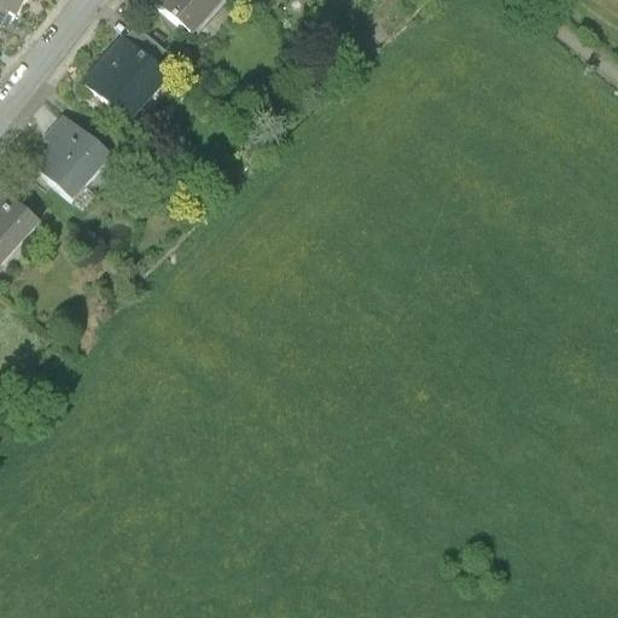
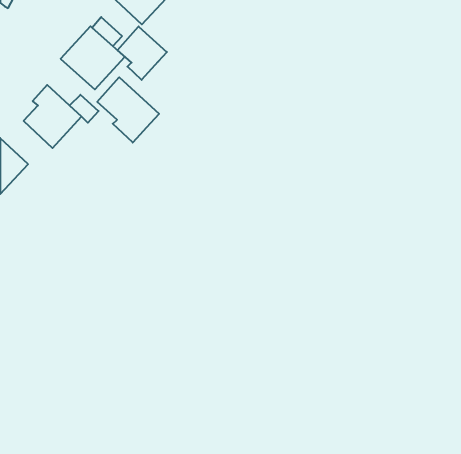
building: none -> [117,26,167,80]
building: none -> [97,77,159,143]

